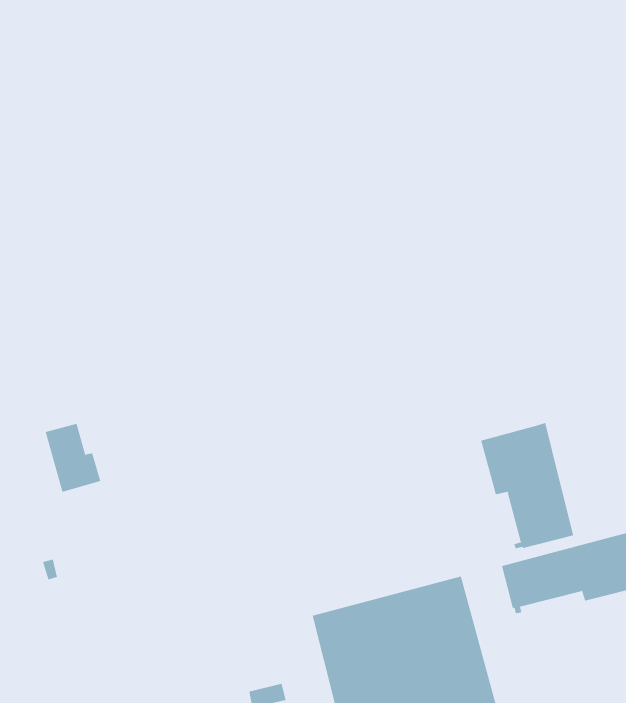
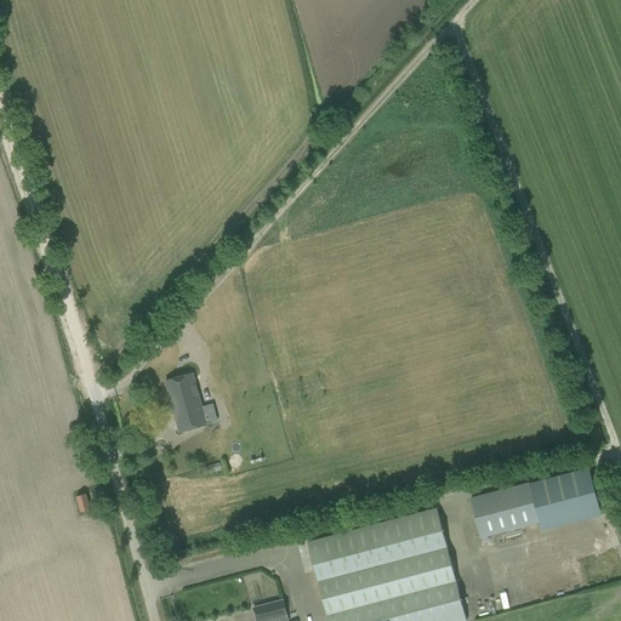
building: [480,422,574,549] -> none
building: [45,423,101,492] -> [164,374,212,433]

